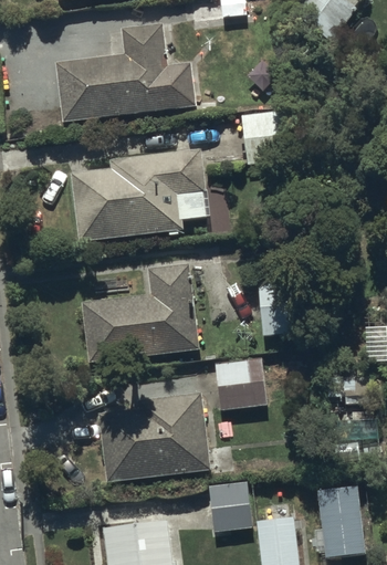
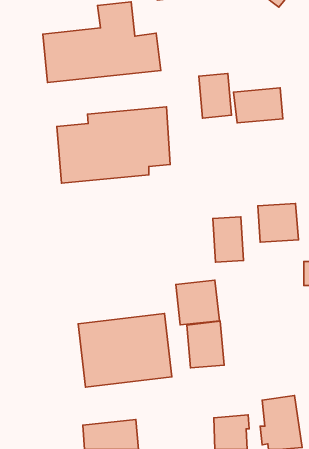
building: none -> [234,88,283,123]
building: none -> [258,204,299,242]
building: [82,265,197,360] -> none
building: [209,475,253,531] -> [187,321,224,368]

